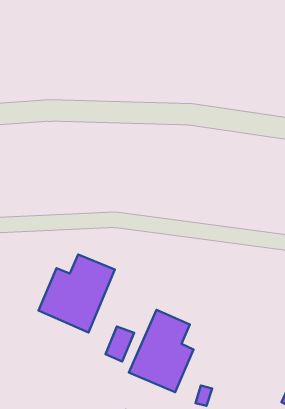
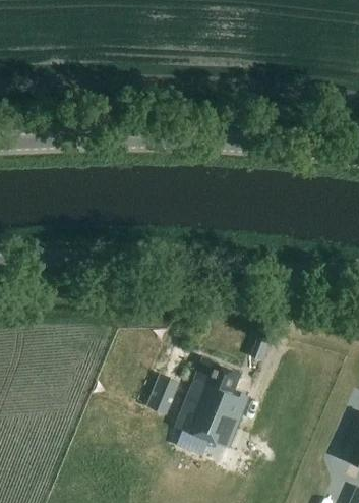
building: [39,254,115,333] -> none

